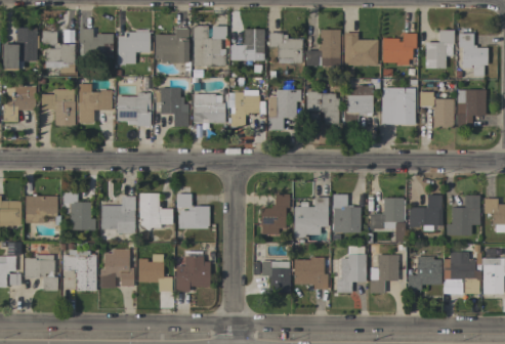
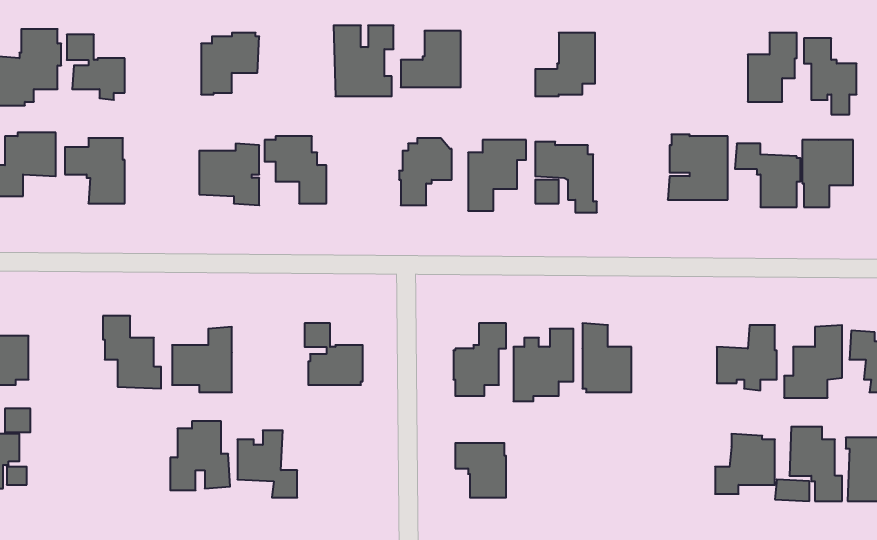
building: [79,28,113,61] -> none
building: [155,29,190,63] -> none
building: [268,33,302,63] -> none
building: [344,33,378,66] -> none
building: [382,33,417,66] -> none
building: [78,83,112,123] -> none
building: [343,86,373,127] -> none
building: [193,94,225,123] -> none
building: [139,192,172,230] -> none
building: [25,196,57,223] -> none
building: [370,198,406,242] -> none
building: [337,246,366,293] -> none
building: [62,250,96,291] -> none
building: [25,255,57,291] -> none
building: [370,255,397,293] -> none
building: [175,256,216,292] -> none
building: [294,257,328,289] -> none

